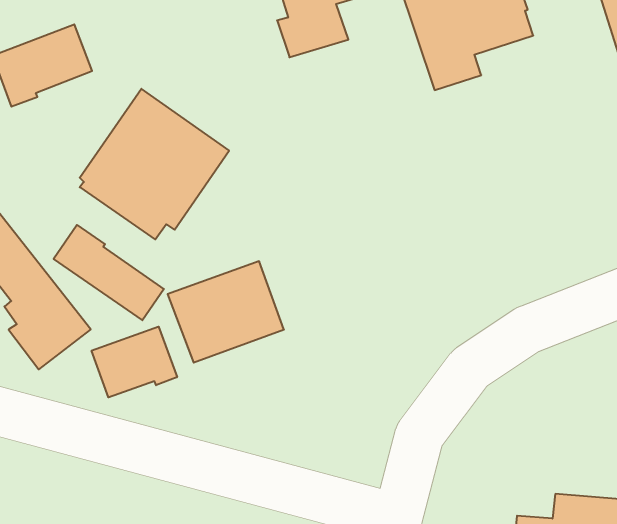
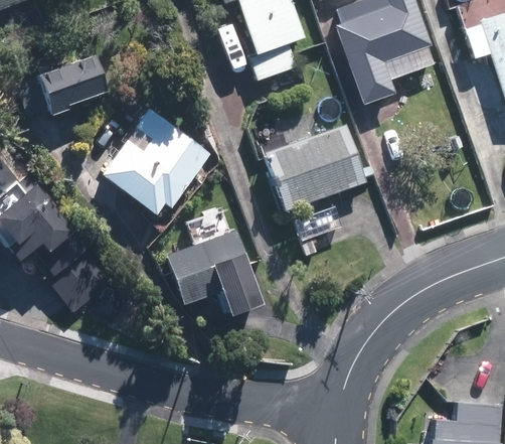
building: none -> [268,124,368,210]
building: [54,225,164,320] -> none
building: [92,327,177,397] -> none

